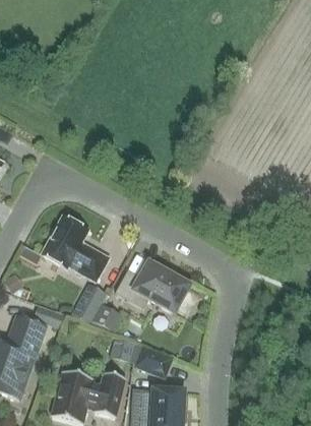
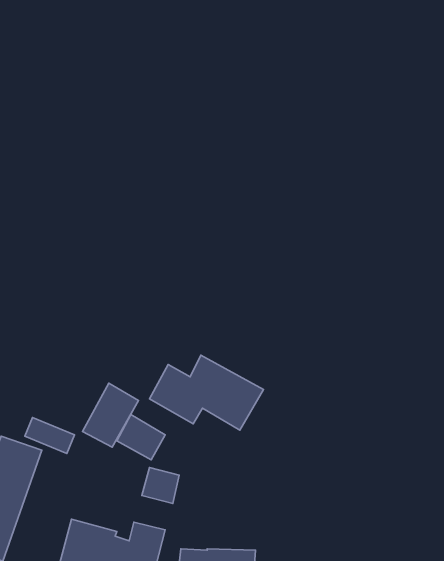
building: [40,216,109,282] -> none
building: [135,346,171,376] -> none

